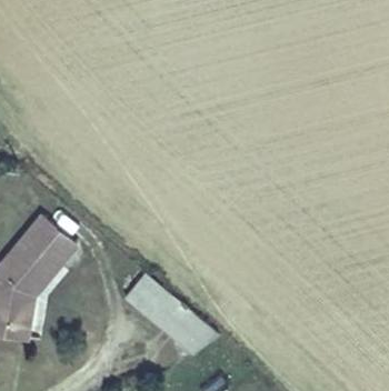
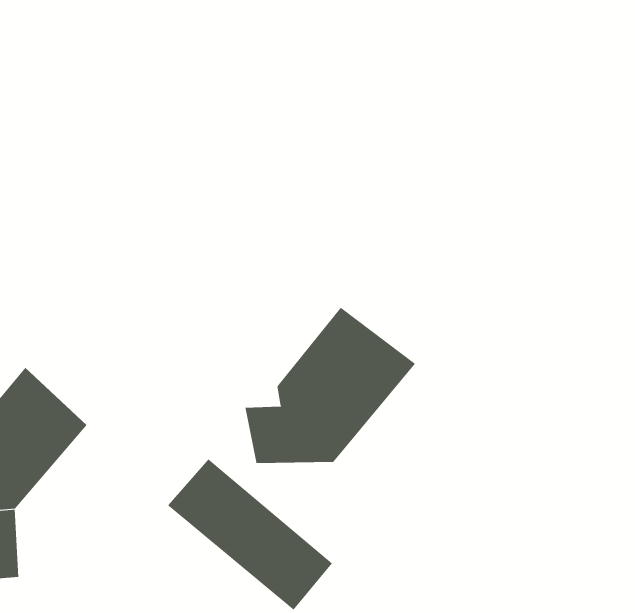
building: none -> [245,307,416,464]

